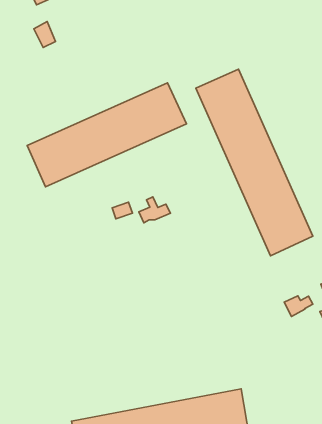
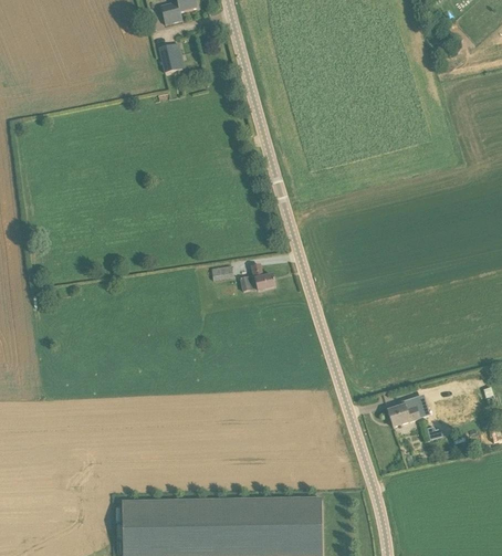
building: [196,69,313,256] -> none
building: [27,83,187,187] -> none

